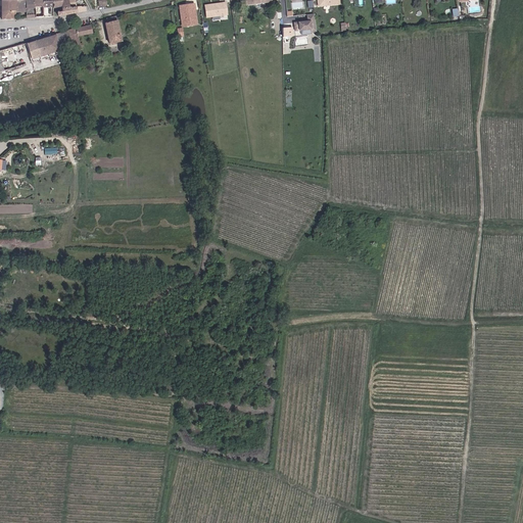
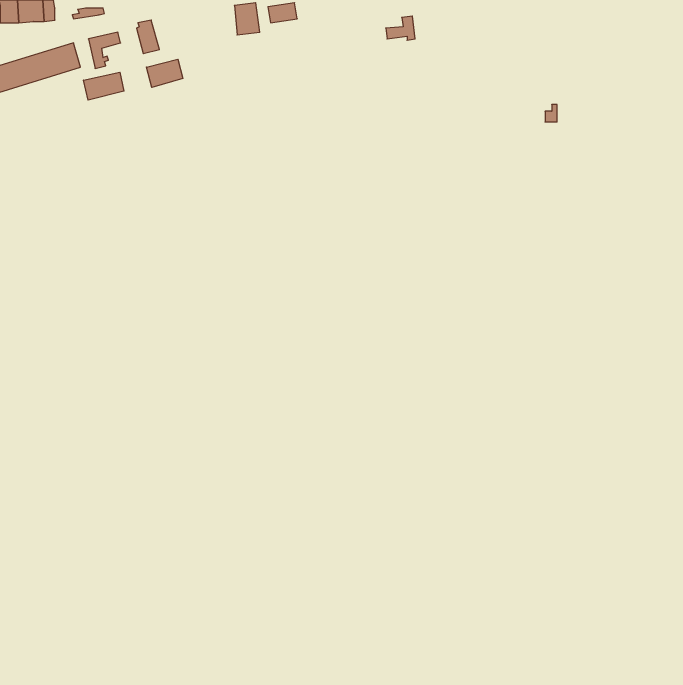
building: none -> [146,59,183,87]
building: none -> [84,72,124,100]

